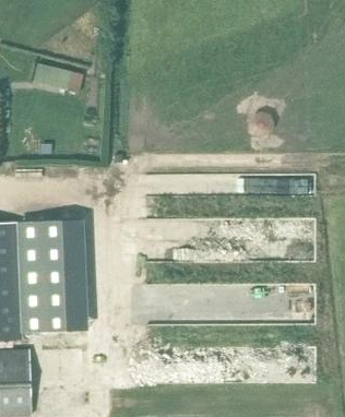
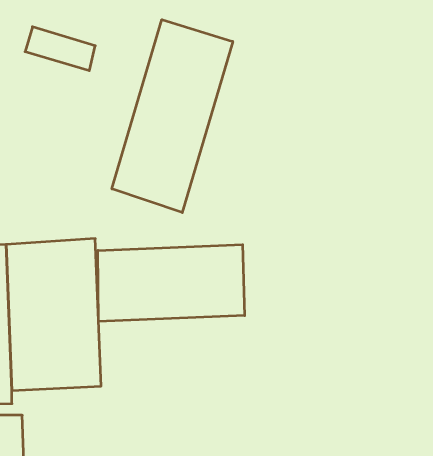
building: none -> [112,20,233,213]
building: none -> [98,245,245,322]

